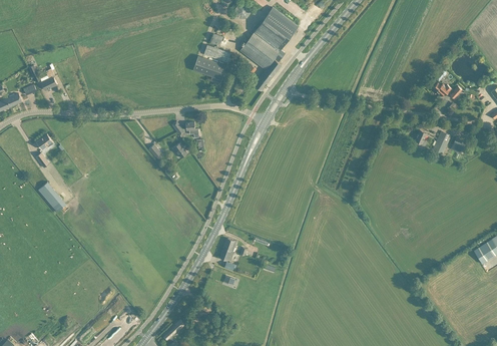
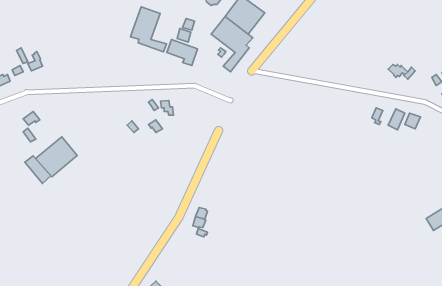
building: none -> [131,7,166,52]
building: none -> [36,137,77,177]

